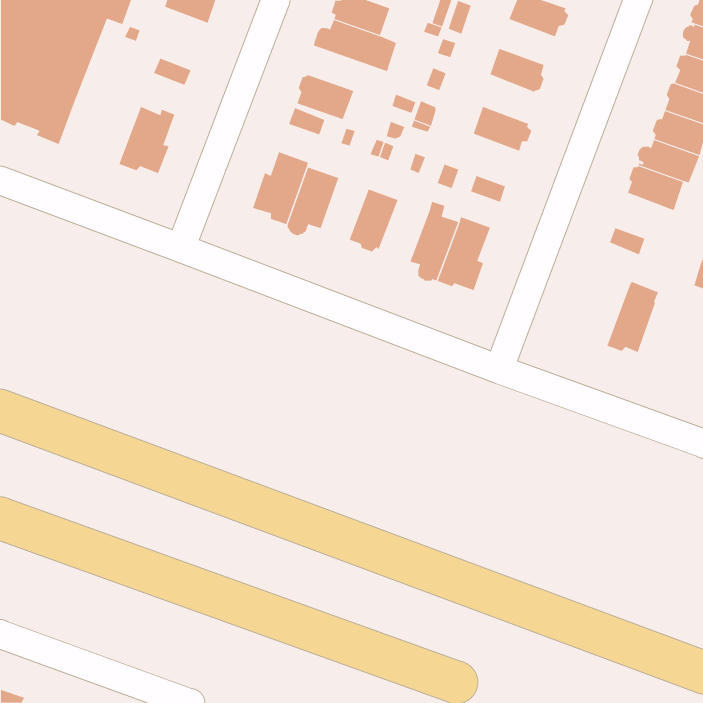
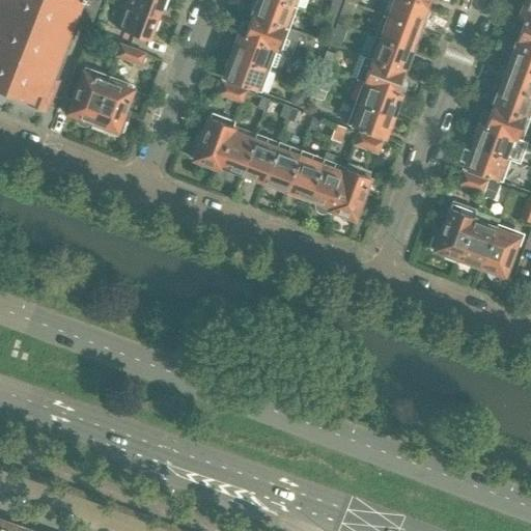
building: none -> [117,5,158,39]
building: none -> [376,15,419,49]
building: none -> [232,34,286,73]
building: none -> [352,53,406,92]
building: none -> [63,62,107,124]
building: none -> [348,101,394,137]
building: none -> [243,134,278,180]
building: none -> [465,145,508,179]
building: none -> [286,150,324,198]
building: none -> [431,204,474,260]
building: none -> [481,227,518,279]

